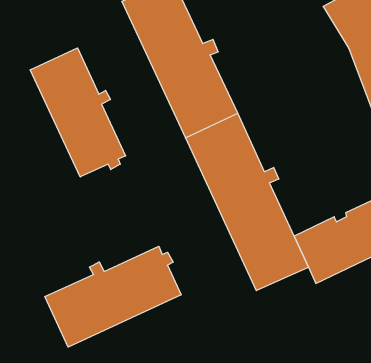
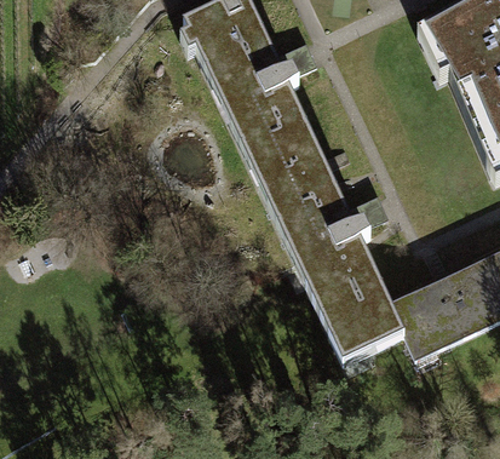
building: [30,48,126,177] -> none
building: [45,246,181,347] -> none

